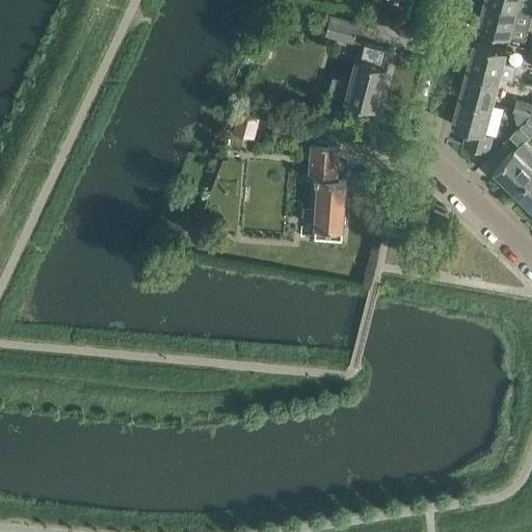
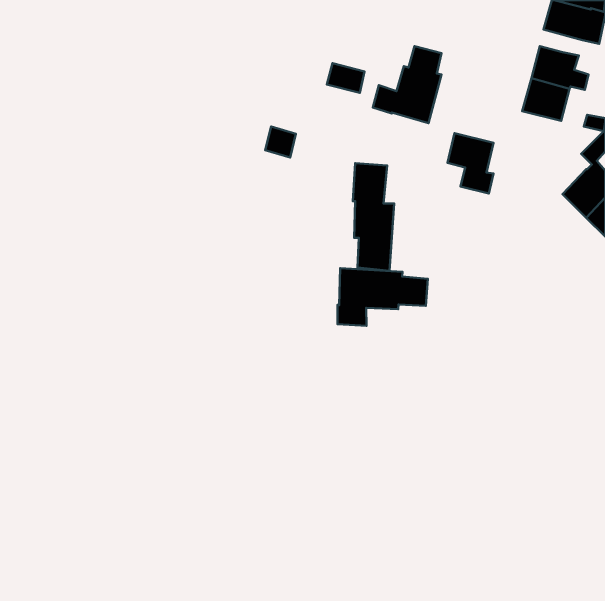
building: [325,18,358,44] -> [327,63,365,93]
building: [452,101,493,154] -> [447,133,494,194]
building: none -> [338,268,428,326]

